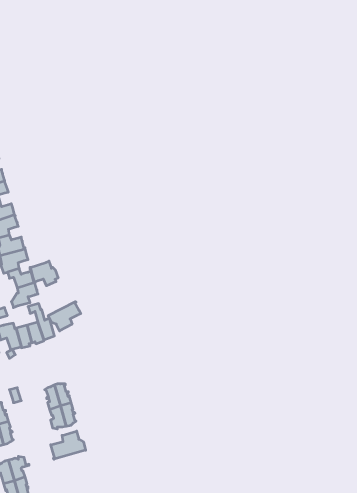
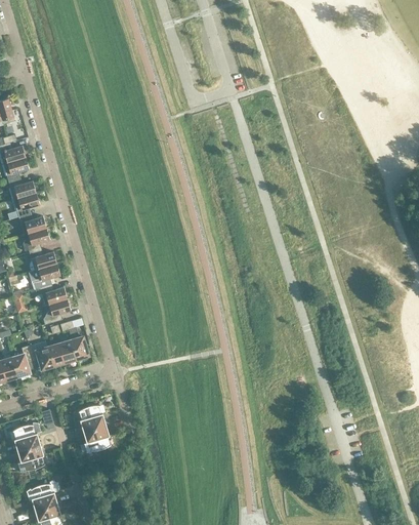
building: [30,261,58,286] -> none
building: [48,302,81,331] -> none
building: [51,431,86,459] -> none

